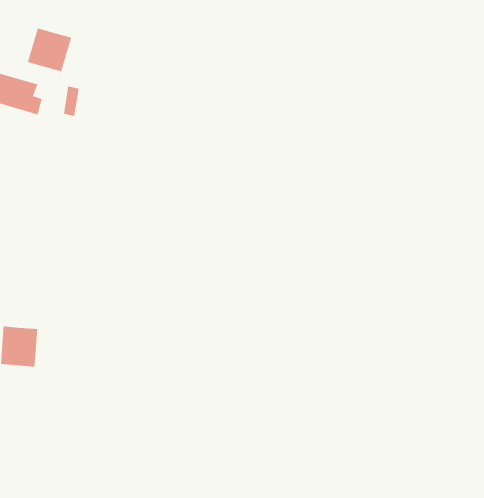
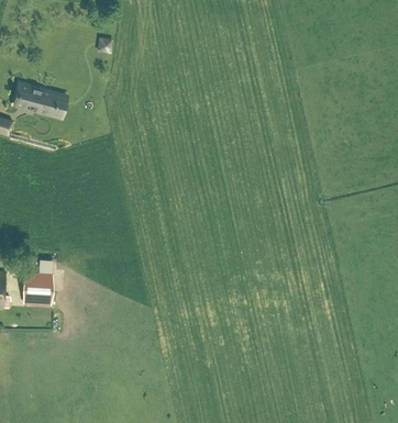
building: [27,27,72,72] -> none

